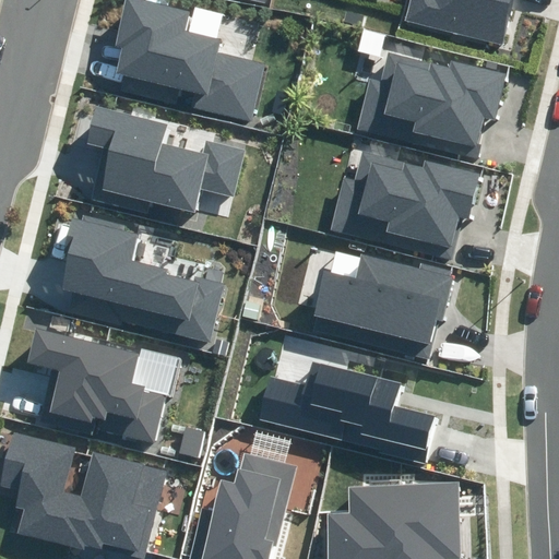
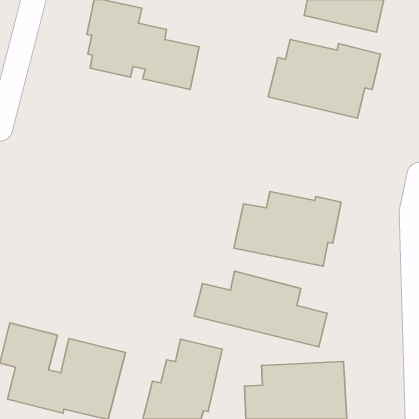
building: [86,106,245,213] -> none
building: [332,151,479,258] -> none
building: [60,213,226,340] -> none
building: [27,328,167,441] -> none

